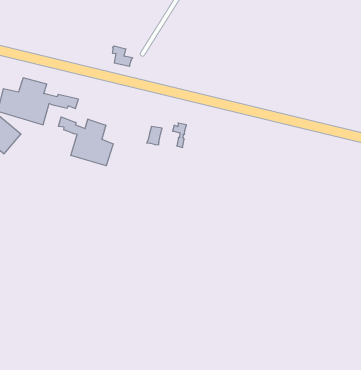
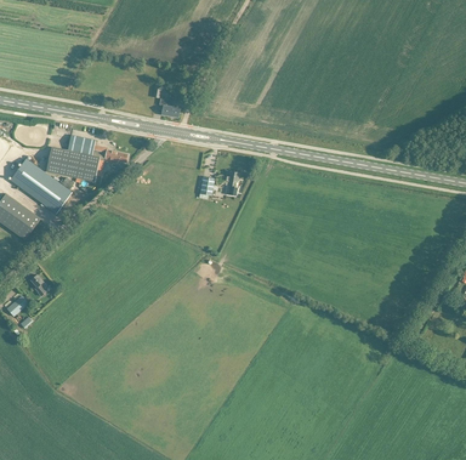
building: [58,117,113,166] -> none

